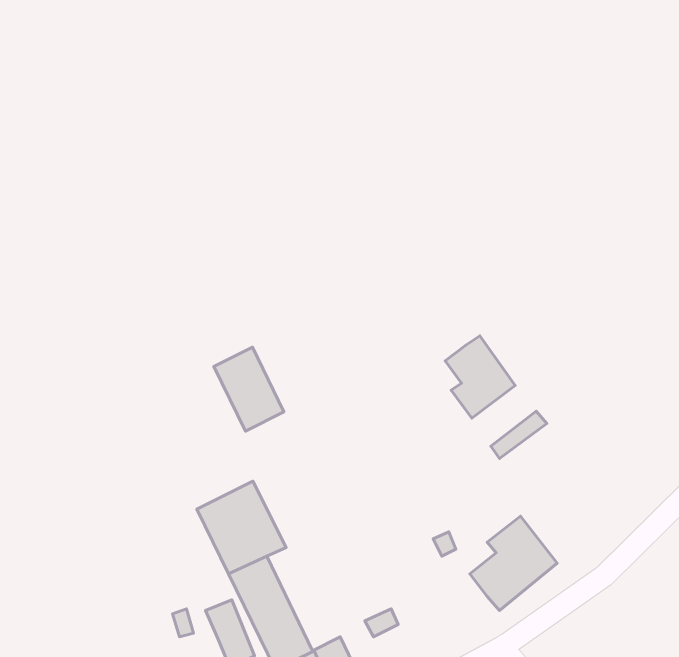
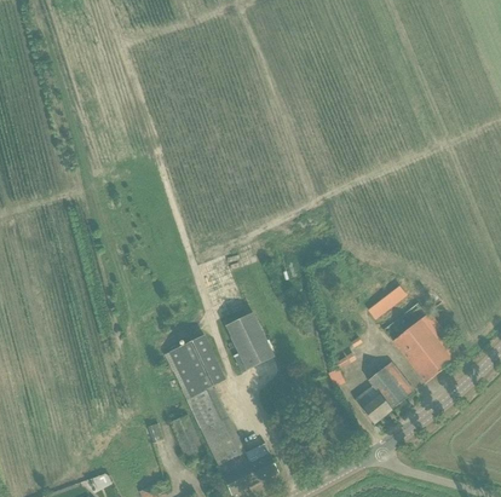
building: [445,336,515,418] -> none
building: [214,347,284,431] -> [225,312,273,370]
building: none -> [392,312,462,383]

